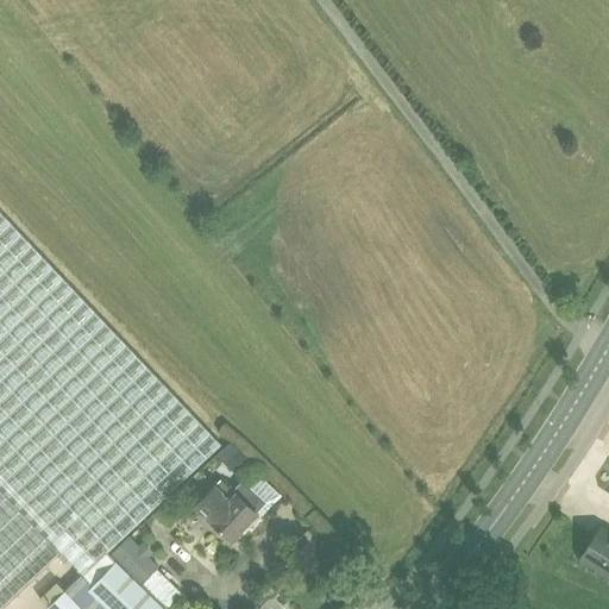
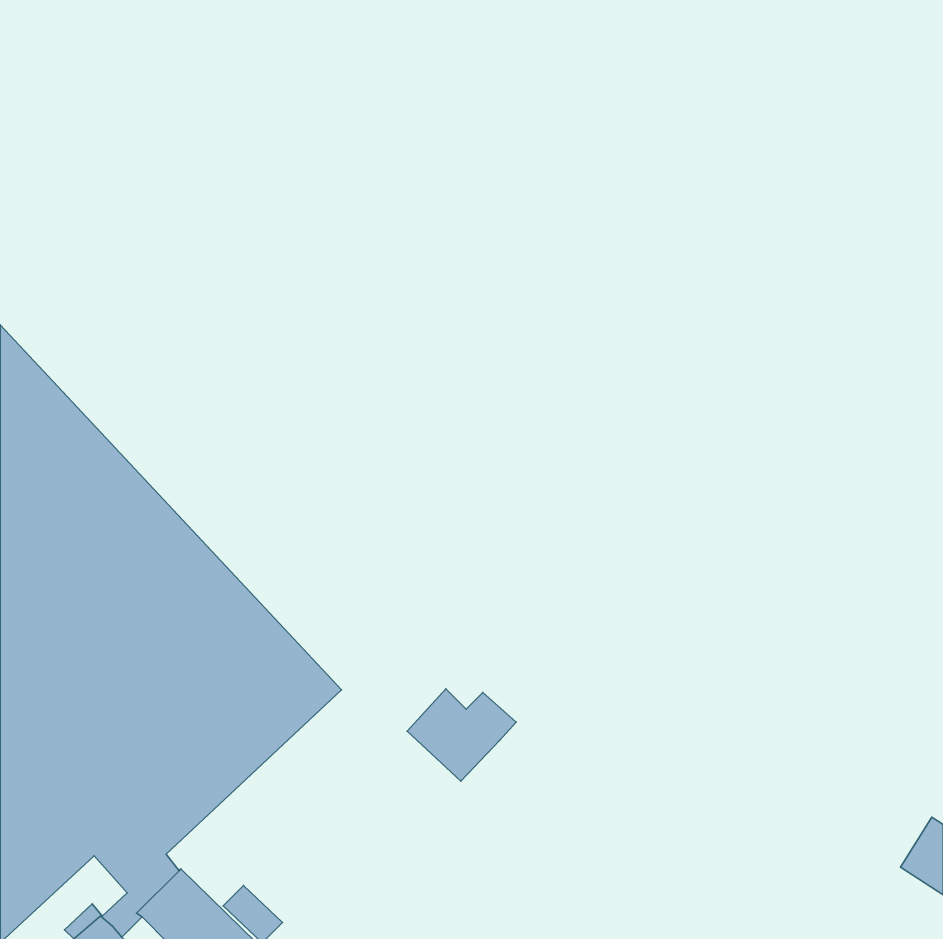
building: [196,481,266,540] -> [407,689,516,781]
building: [113,539,161,586] -> none

